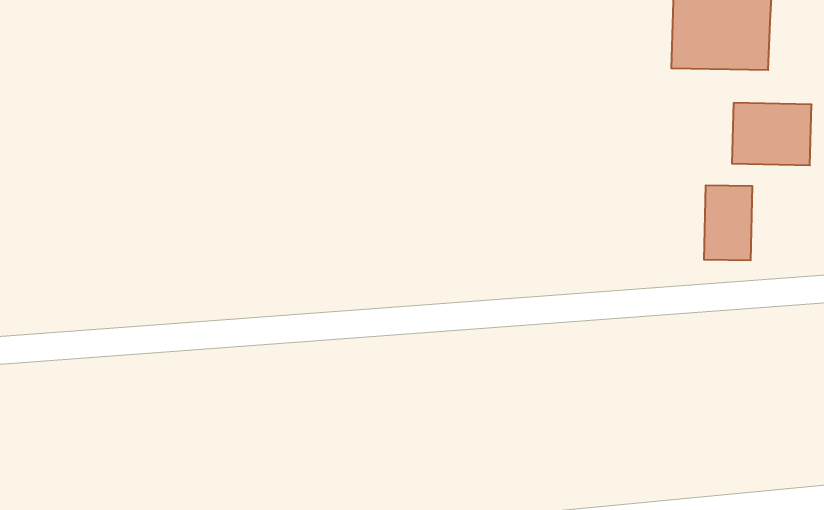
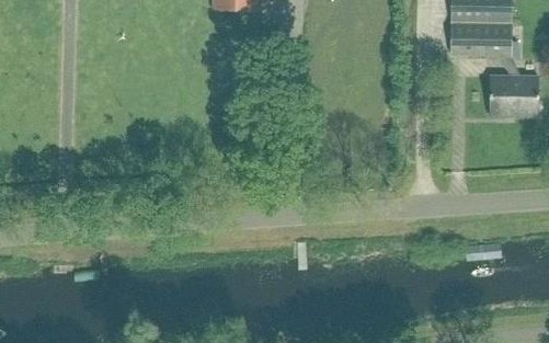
building: [704,185,752,260] -> none

